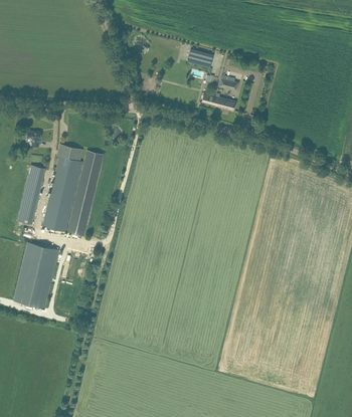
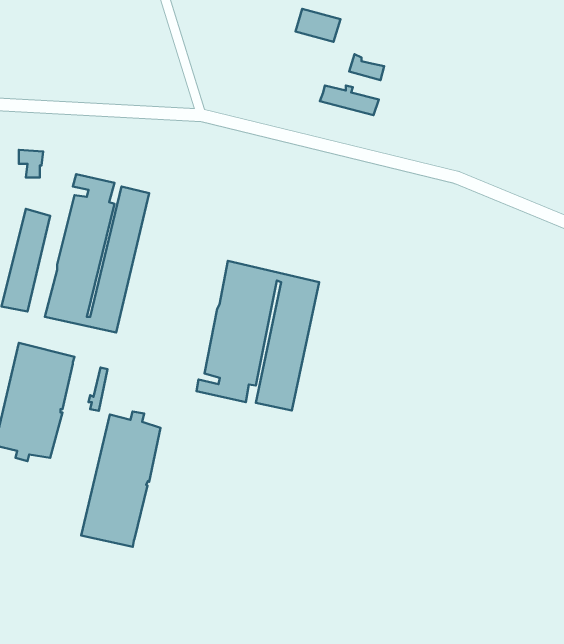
building: none -> [197,261,319,410]
building: none -> [81,411,161,547]

